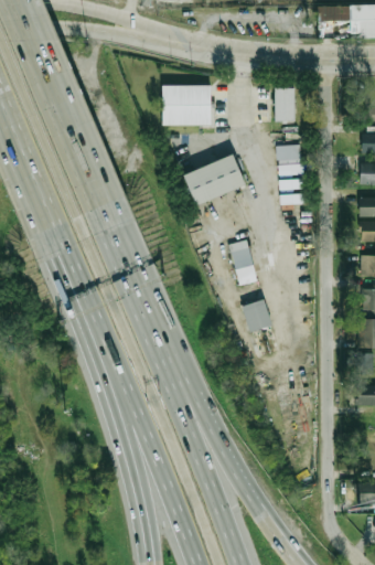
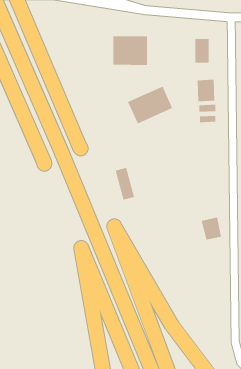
building: [229,241,257,286] -> [115,167,135,200]
building: [243,300,271,332] -> [201,217,222,240]

